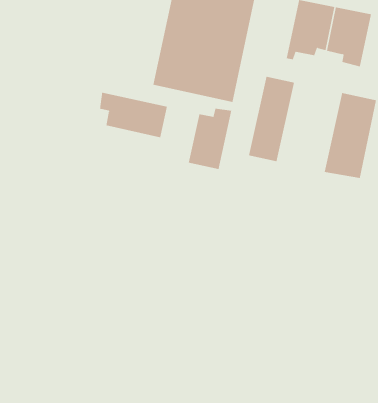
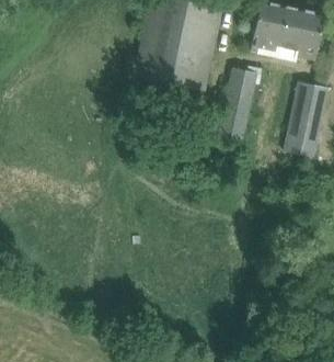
building: [99,92,168,138] -> none
building: [188,108,232,170] -> none

